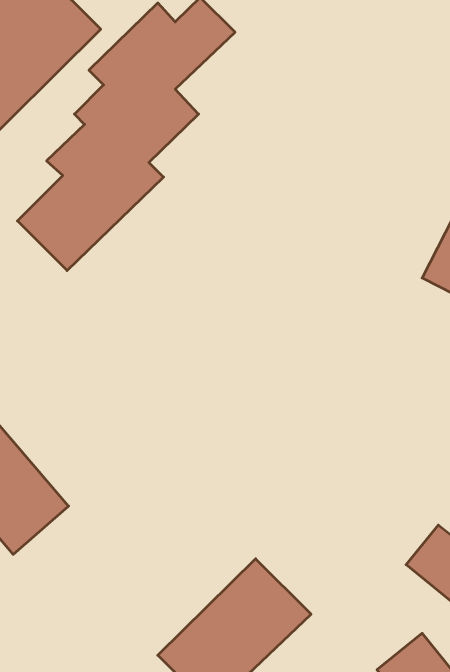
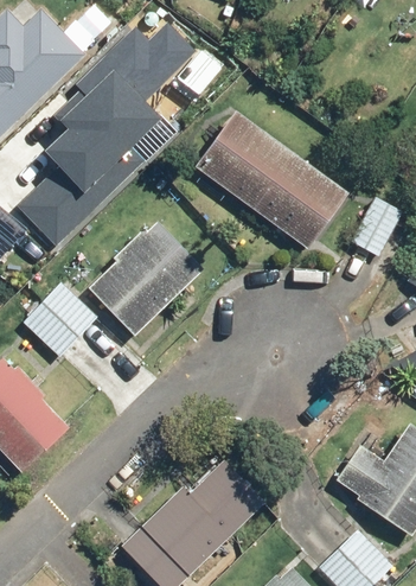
building: none -> [185,110,343,246]
building: none -> [82,223,196,333]
building: none -> [23,284,92,352]

